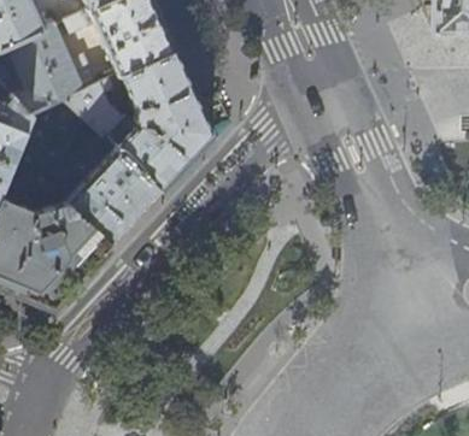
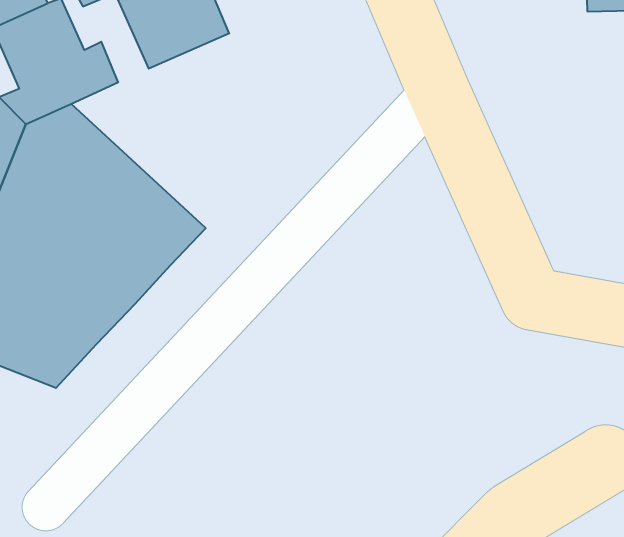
building: [61,46,212,185] -> none

